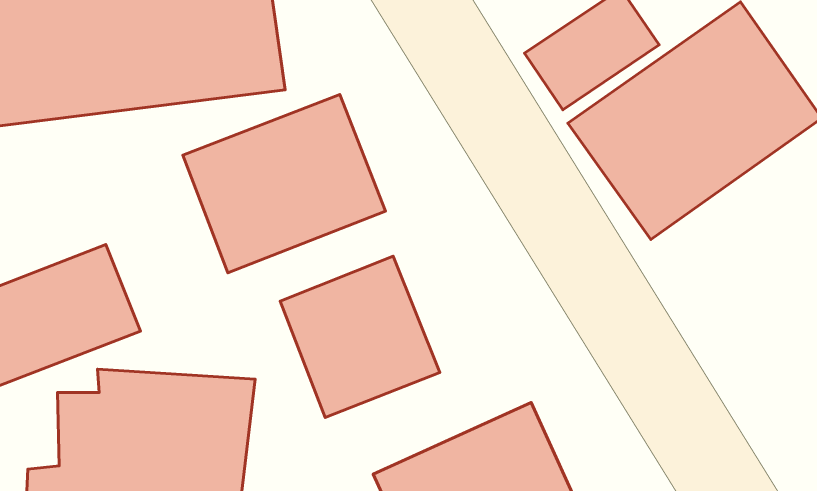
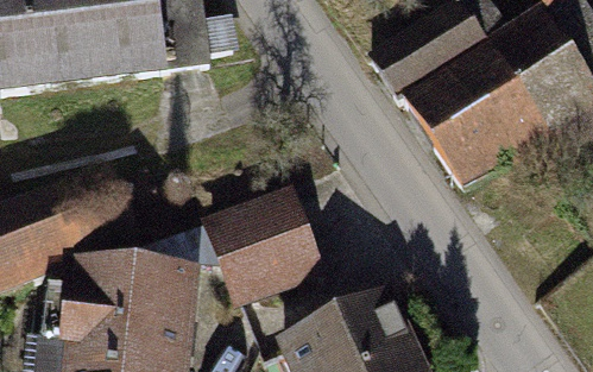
building: [183,95,386,273] -> none

